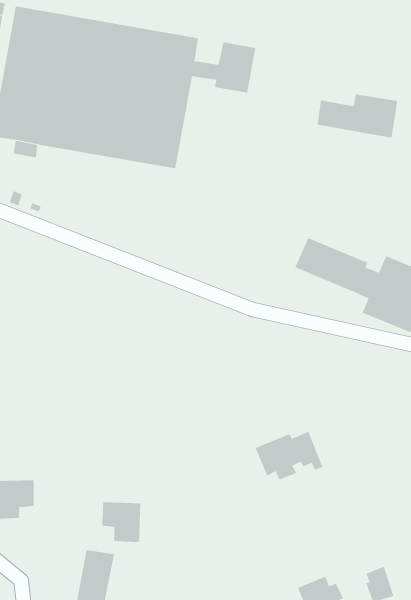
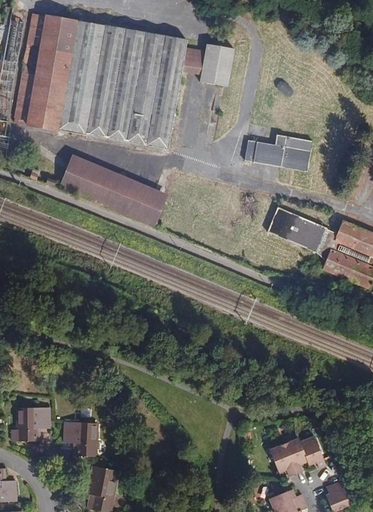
building: [317,94,398,138] -> [245,134,313,171]
building: none -> [60,155,167,226]
building: [255,431,323,480] -> [269,435,326,476]
building: [101,502,141,543] -> [64,422,97,456]

